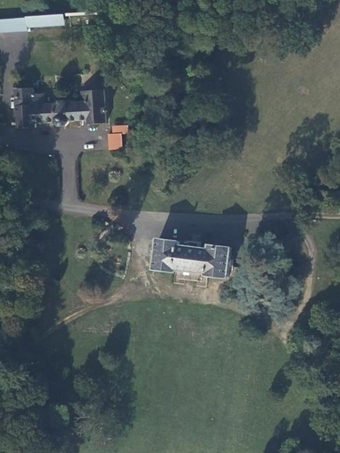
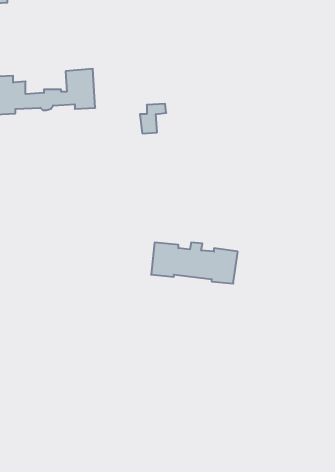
building: [106,124,129,150] -> [140,104,166,133]

